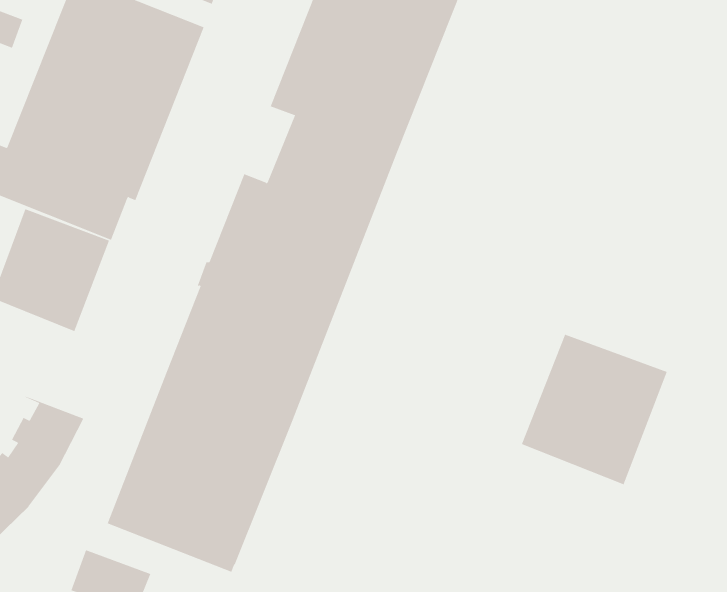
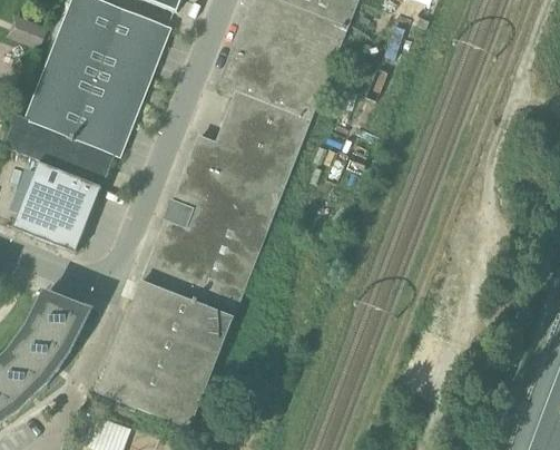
building: [521,334,668,485] -> none

